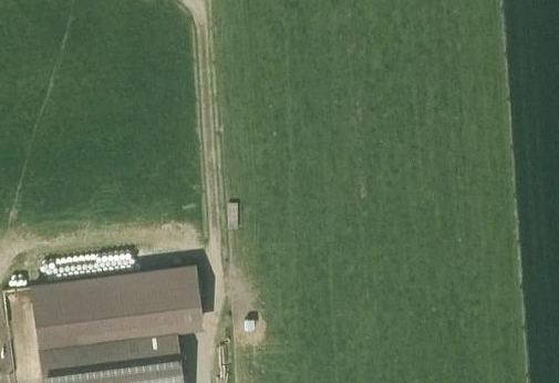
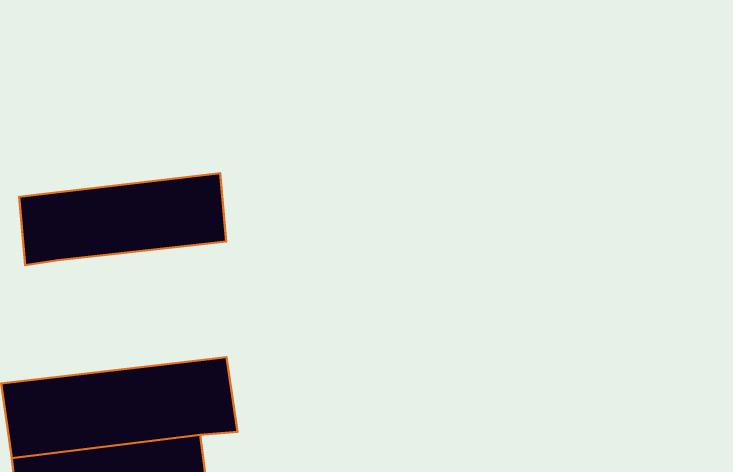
building: none -> [19,173,226,265]

